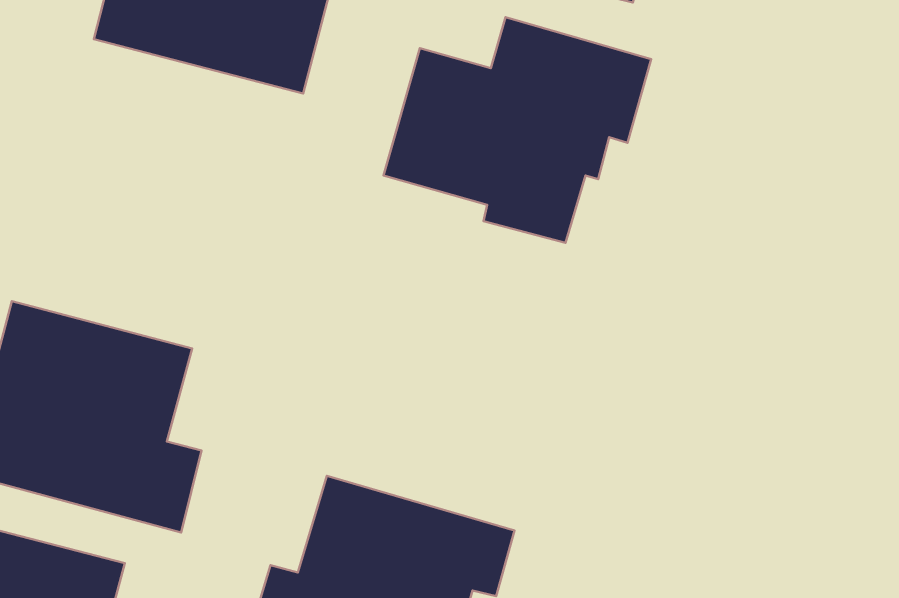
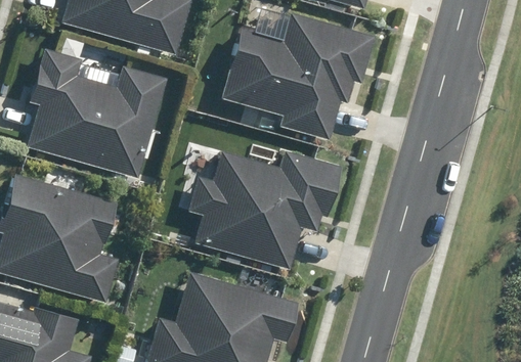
building: none -> [29,48,166,178]
building: none -> [188,150,340,271]

